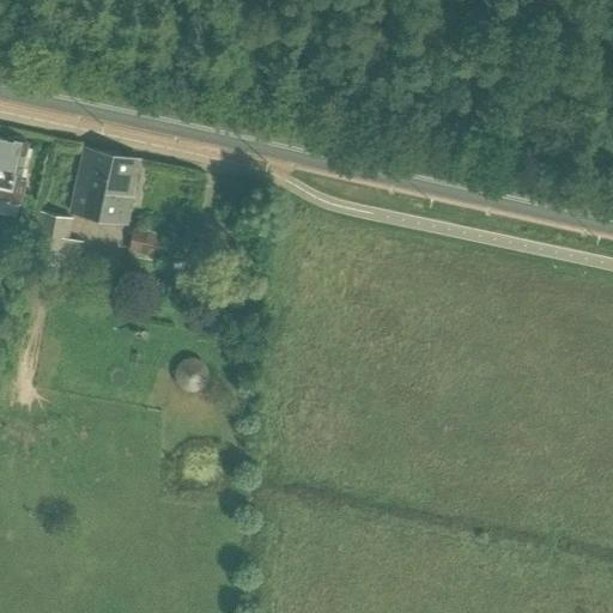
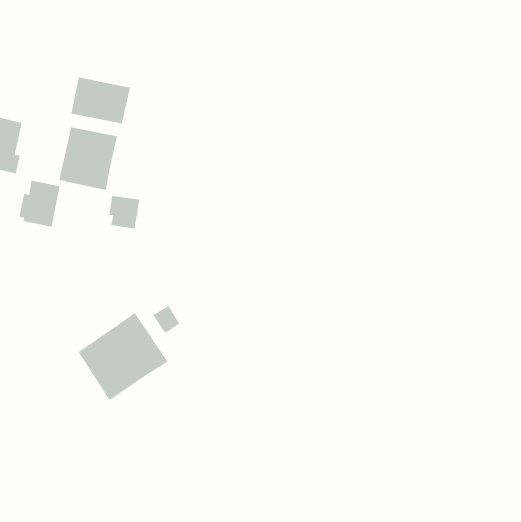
building: none -> [71,76,131,124]
building: none -> [78,312,168,401]

